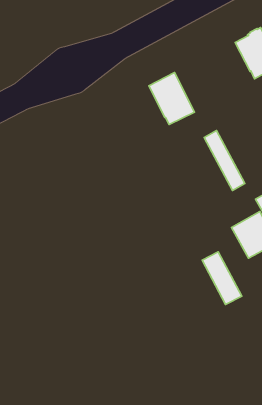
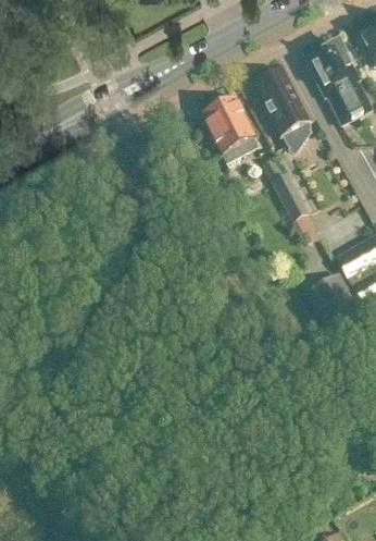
building: none -> [255,70,312,152]
building: [202,252,242,304] -> none

